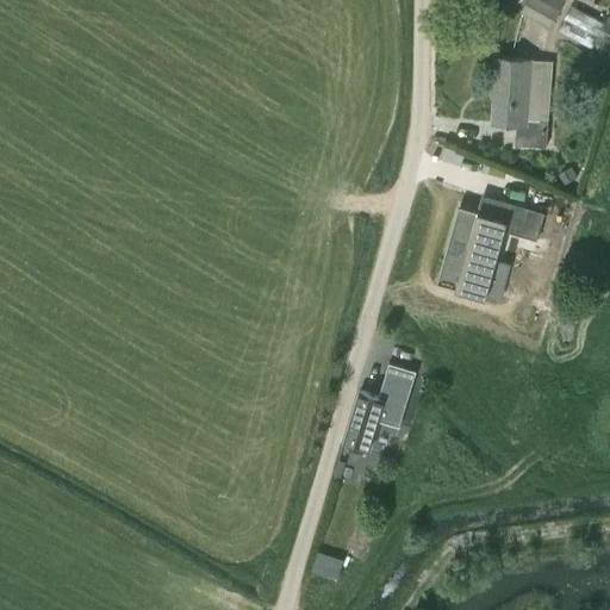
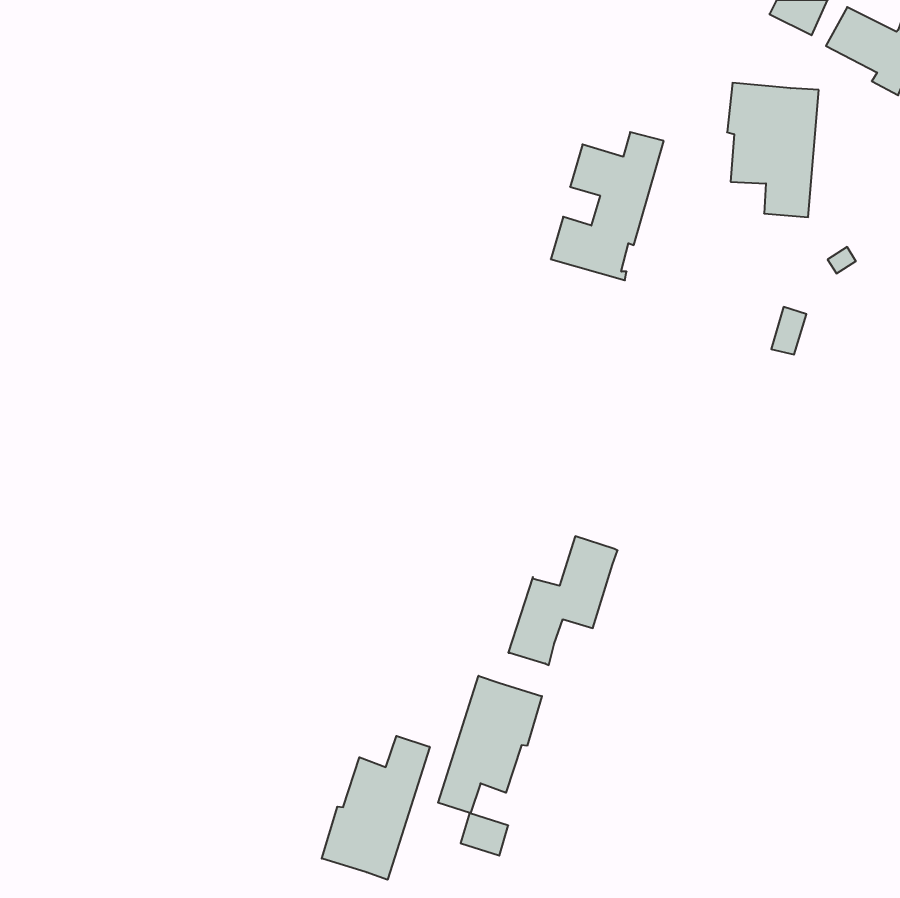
building: [437,199,513,299] -> [551,132,664,280]
building: none -> [438,676,542,813]
building: none -> [322,736,430,880]

